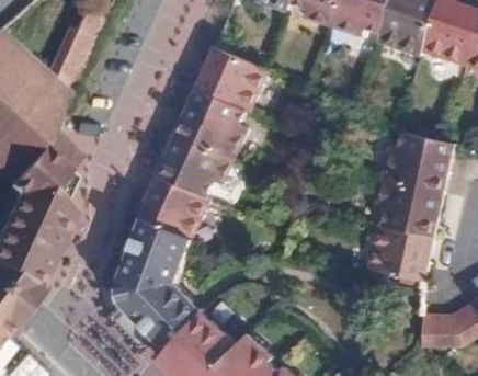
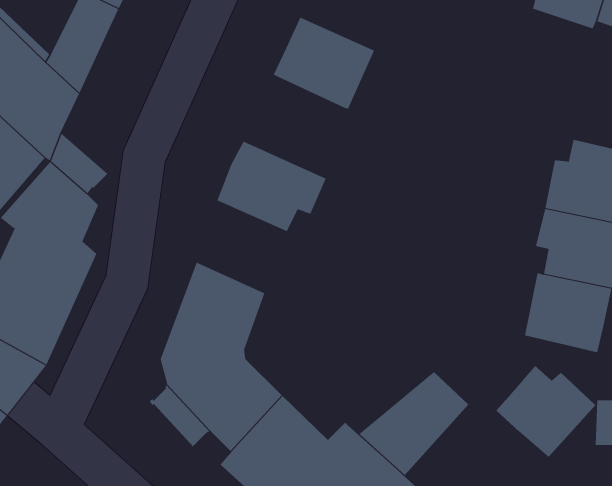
building: [177,87,249,159] -> none
building: [139,174,212,239] -> none
building: none -> [496,365,596,458]
building: none -> [359,371,469,476]

